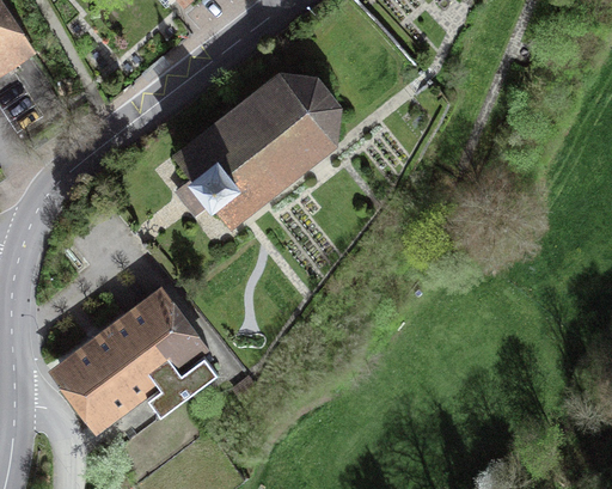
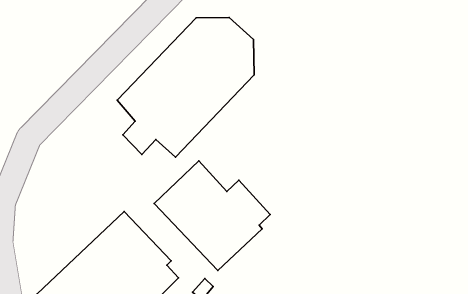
building: none -> [154,161,270,271]

